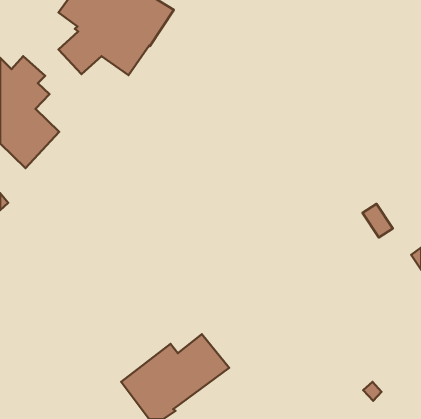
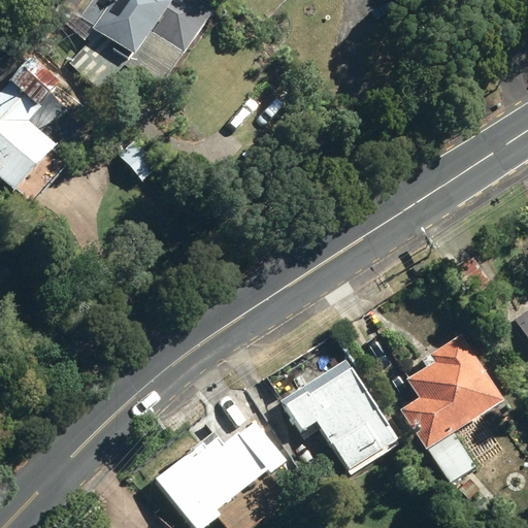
building: none -> [399,332,504,478]
building: none -> [280,357,397,469]

